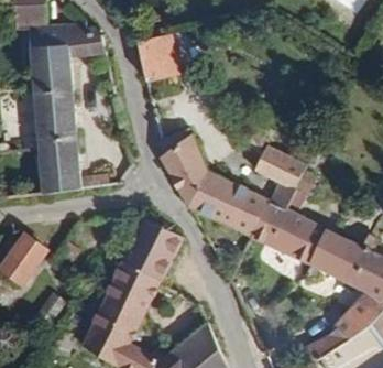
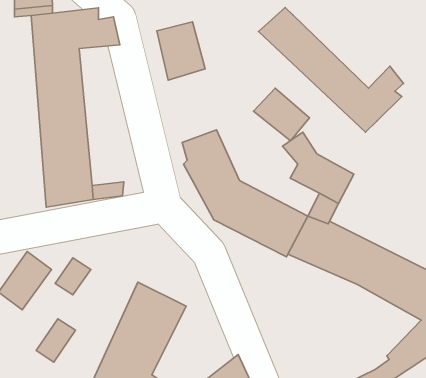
building: none -> [259,8,404,132]
building: none -> [253,88,310,141]
building: [120,217,183,281] -> none

